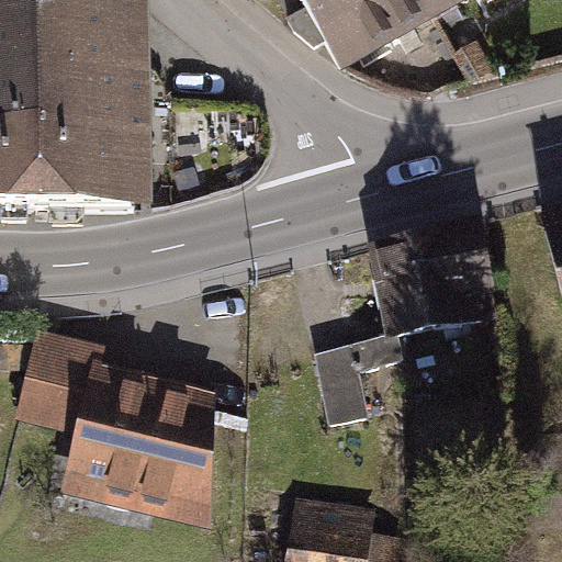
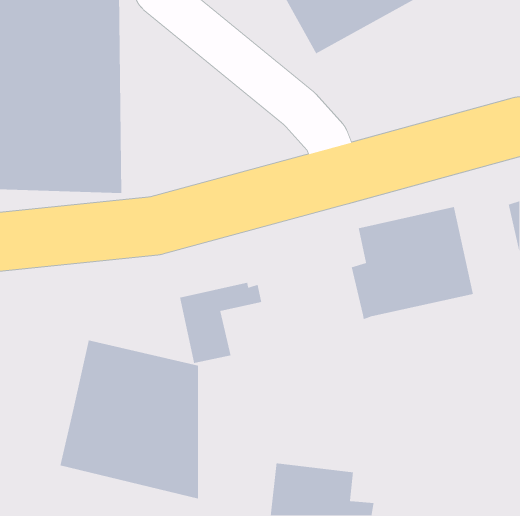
building: [18,333,99,437] -> none
building: [314,337,403,425] -> [179,282,262,364]

